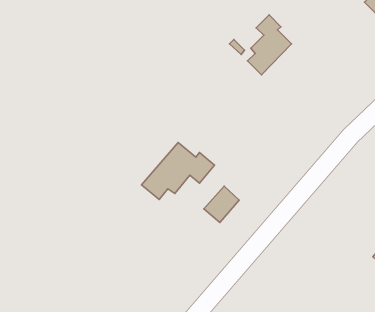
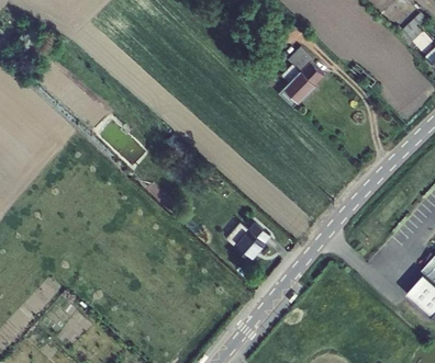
building: [141,142,215,200] -> none

